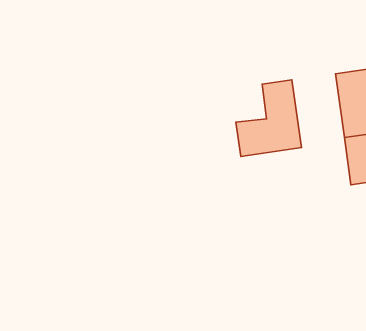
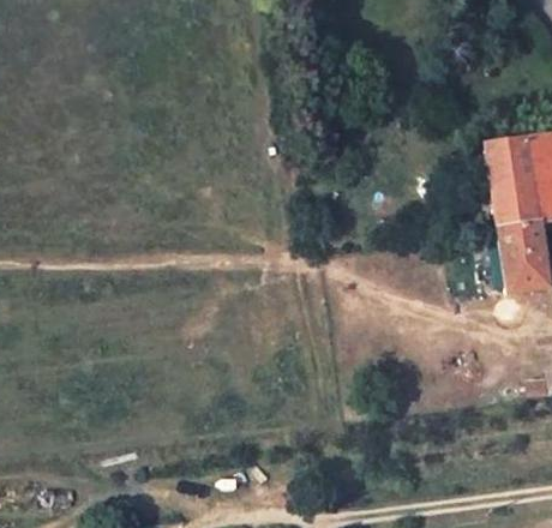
building: [236,80,302,157] -> none

